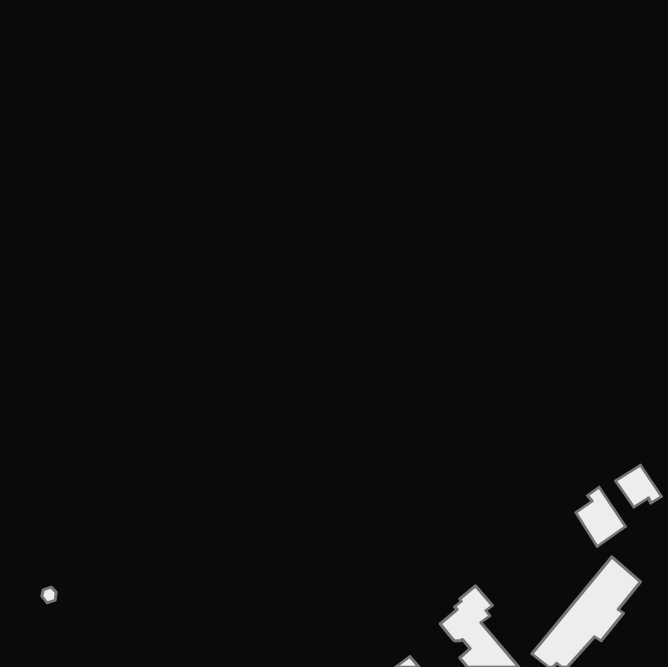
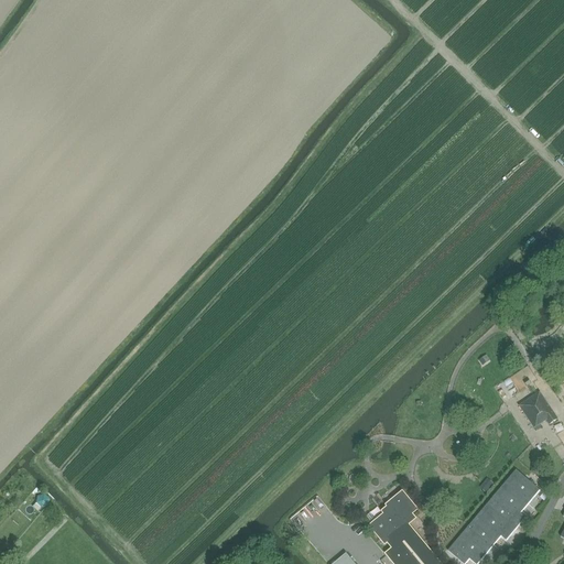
building: [576,487,625,546] -> none

